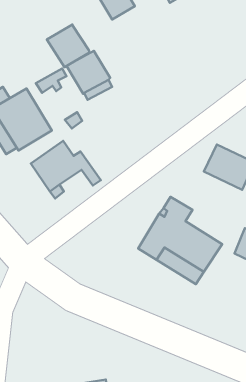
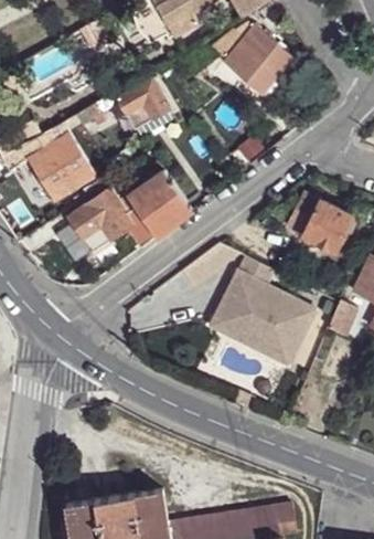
building: none -> [210,27,291,94]
building: [47,24,90,67] -> none
building: none -> [127,170,192,237]

